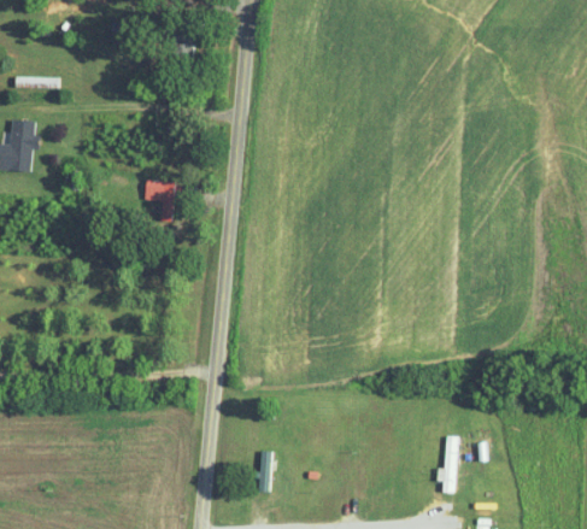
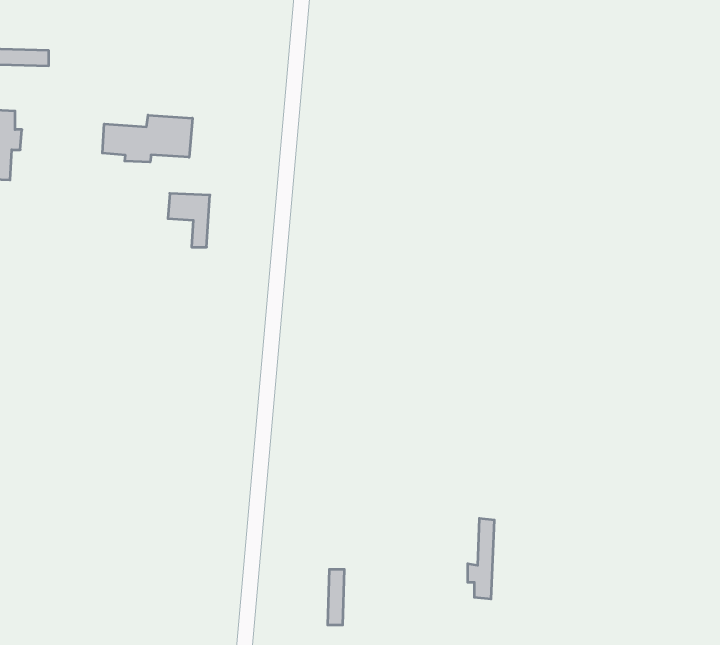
building: none -> [102,115,192,162]
building: [438,435,457,493] -> [468,518,494,599]

